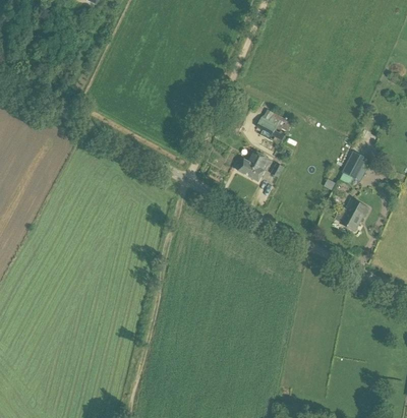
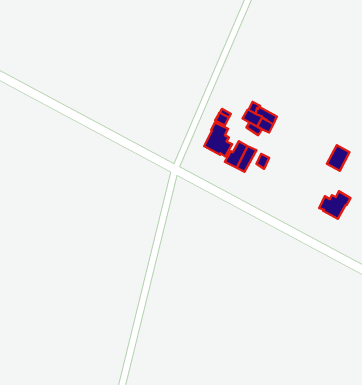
building: none -> [204,122,232,157]

